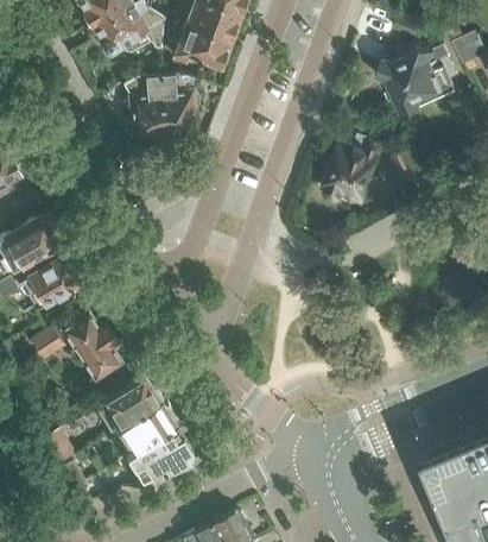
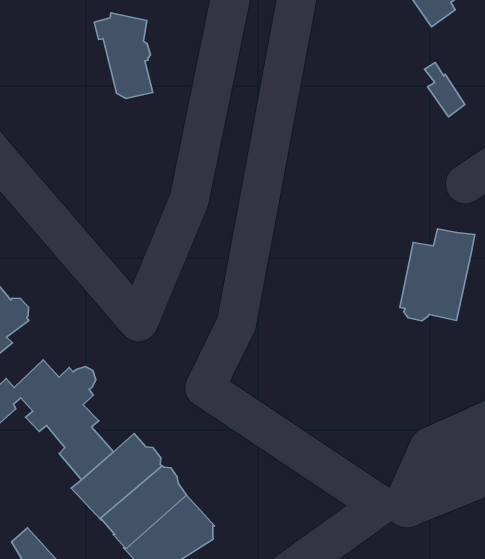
building: [123,74,177,146] -> none
building: [323,136,385,203] -> [400,229,475,321]

